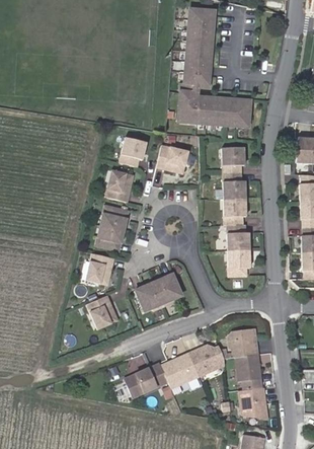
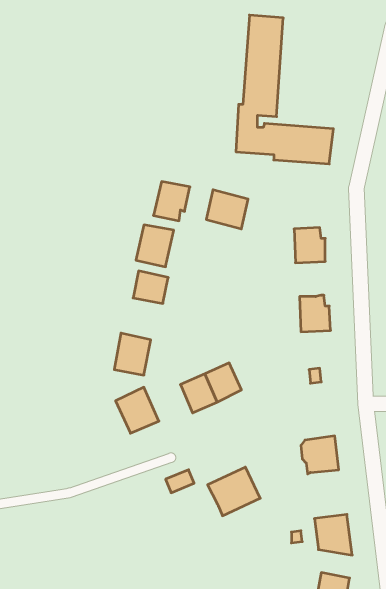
building: [223,147,245,173] -> none
building: [224,198,246,224] -> none
building: [97,225,125,249] -> none
building: [228,249,251,276] -> none
building: [186,344,223,375] -> none
building: [235,354,260,380] -> none
building: [123,362,166,397] -> none

